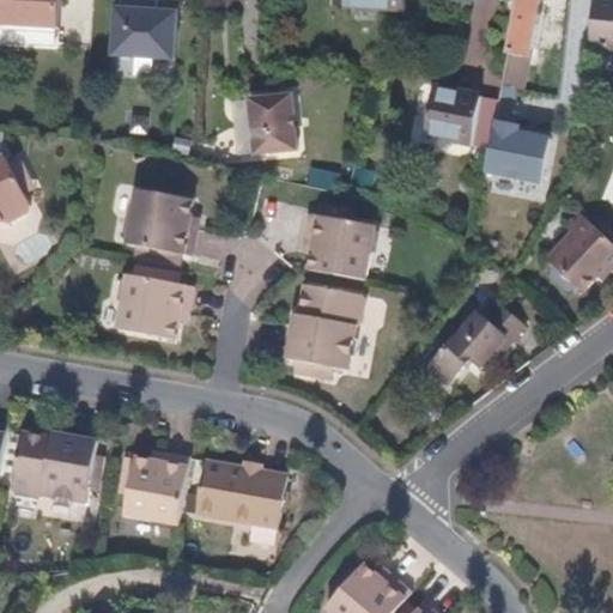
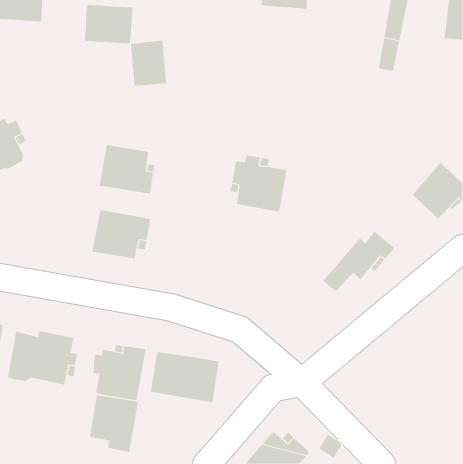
building: [415,83,545,180] -> none
building: [243,91,291,151] -> [130,40,167,86]
building: [287,283,365,375] -> none
building: none -> [90,395,138,453]

